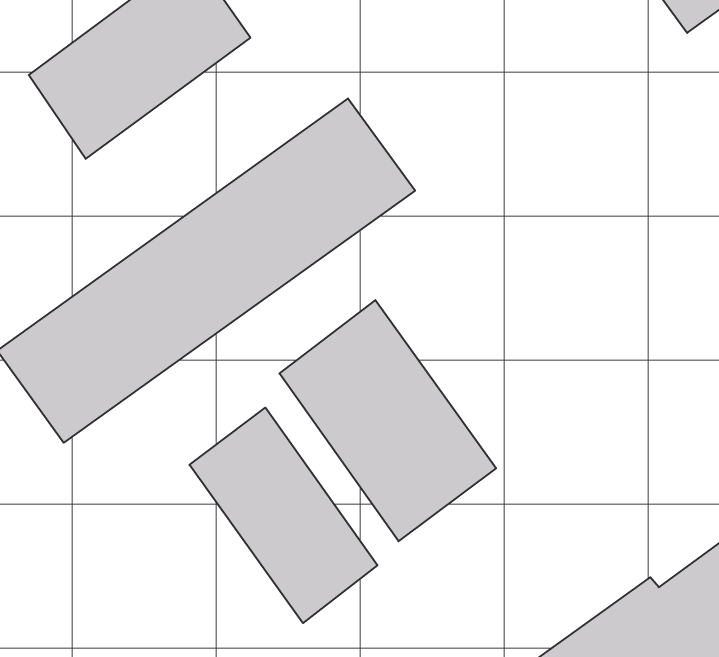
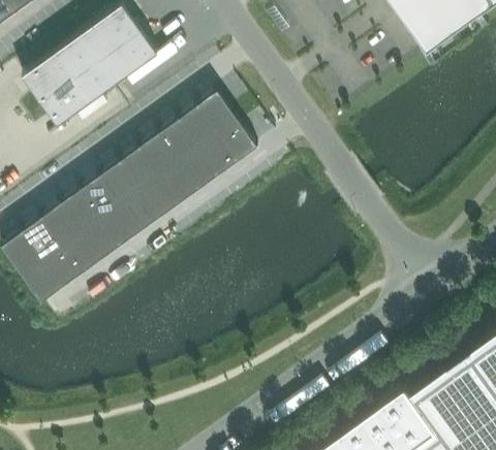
building: [279,300,496,541] -> none
building: [189,408,377,623] -> none

